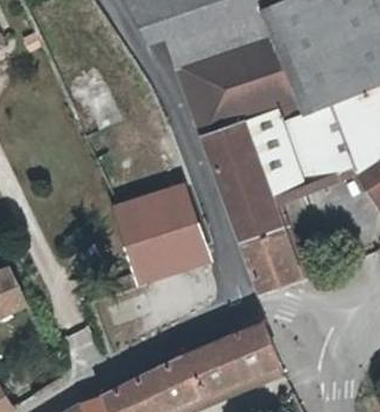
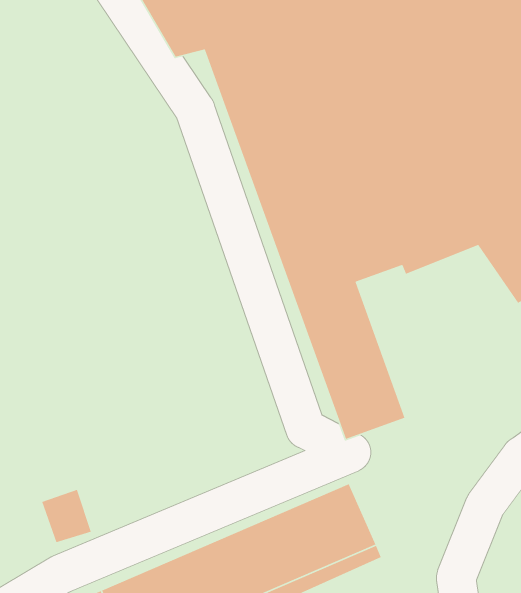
building: [112,185,213,287] -> none

